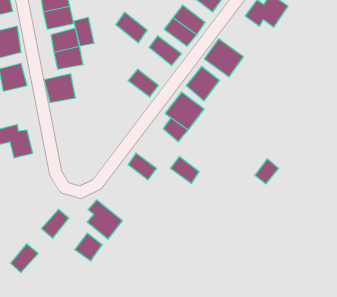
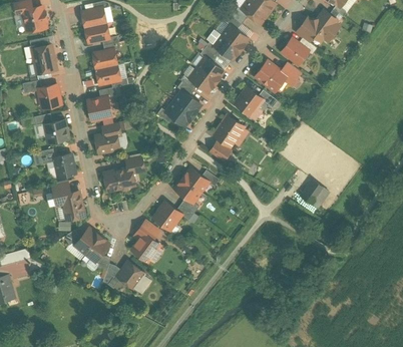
building: [116,12,147,43] -> [184,65,218,97]
building: [74,17,94,46] -> none
building: none -> [278,36,312,69]
building: none -> [162,100,194,129]
building: none -> [41,116,72,146]
building: none -> [90,119,123,156]
building: none -> [101,154,149,195]
building: none -> [49,180,87,225]
building: [170,157,199,183] -> [179,164,210,193]
building: none -> [149,200,182,232]
building: [10,244,38,273] -> [69,226,98,256]

